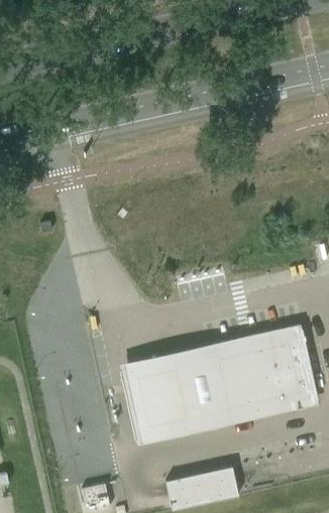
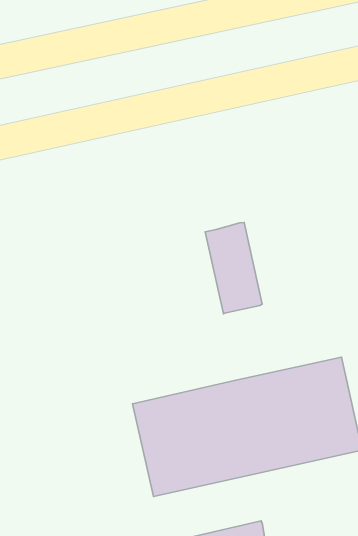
building: none -> [205,222,262,314]

